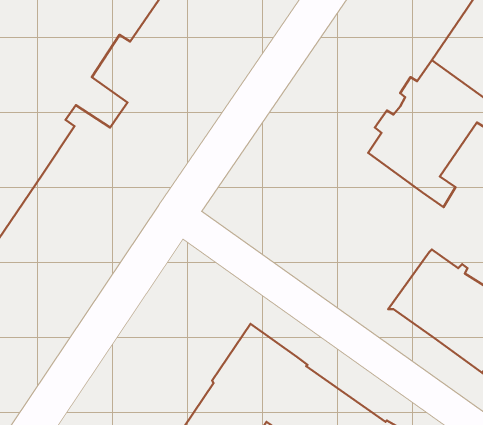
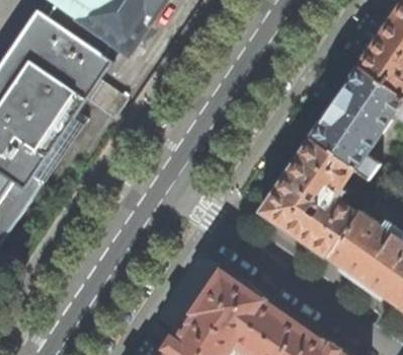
building: none -> [259,137,356,257]

